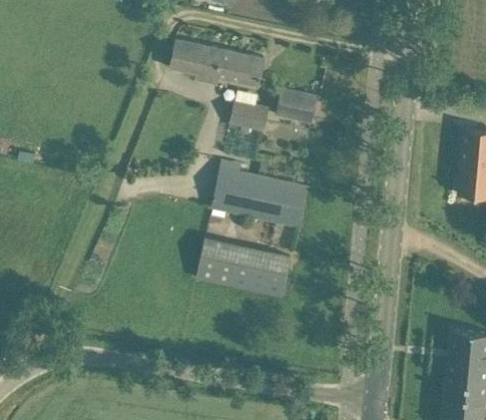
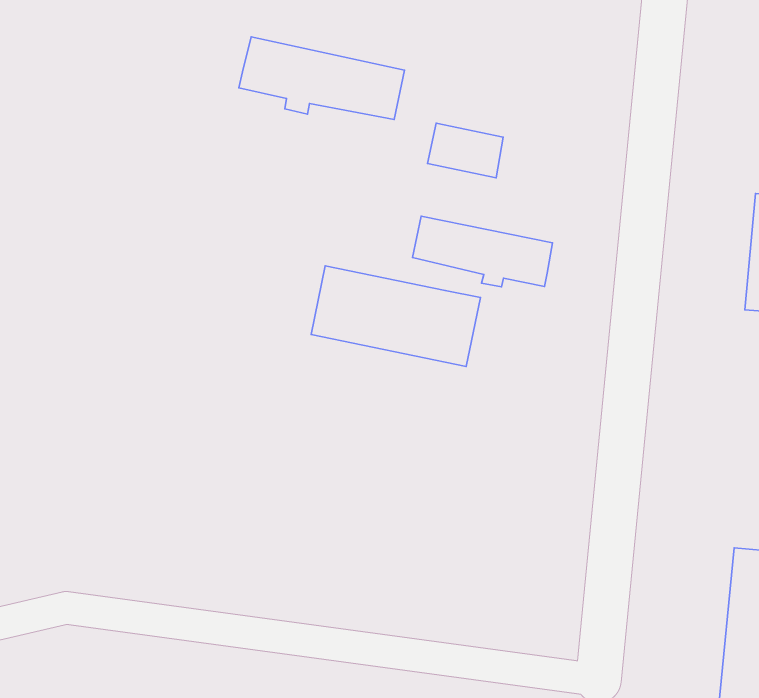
building: [230,99,270,130] -> none
building: none -> [412,216,552,287]
building: [197,237,292,298] -> none

